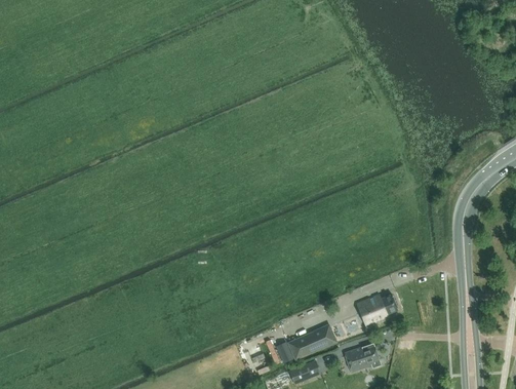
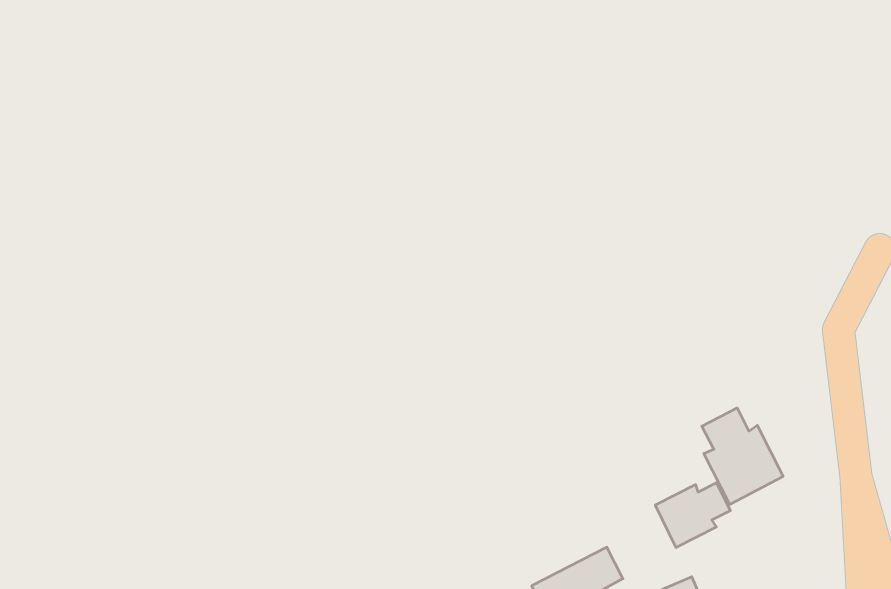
building: none -> [702,408,783,504]

